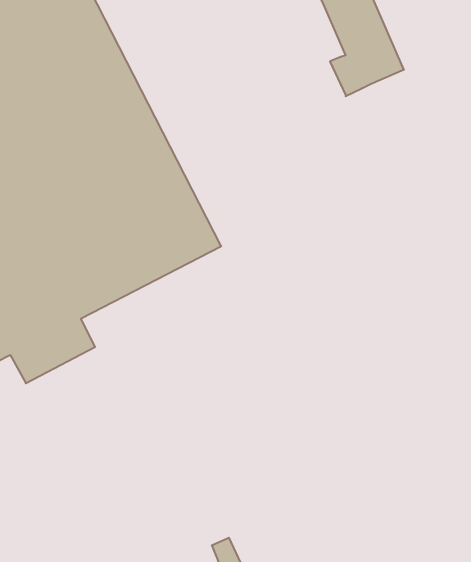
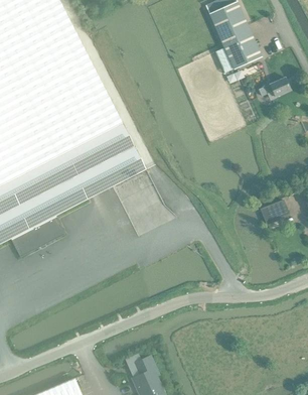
building: none -> [259,76,291,99]
building: none -> [261,199,289,223]

